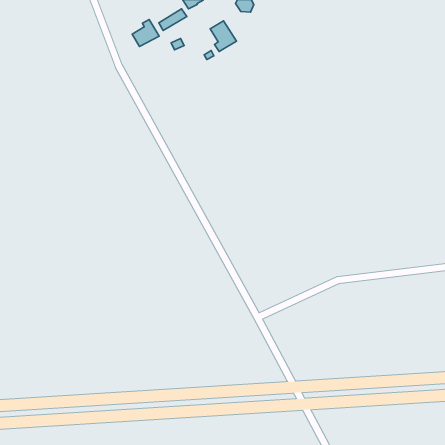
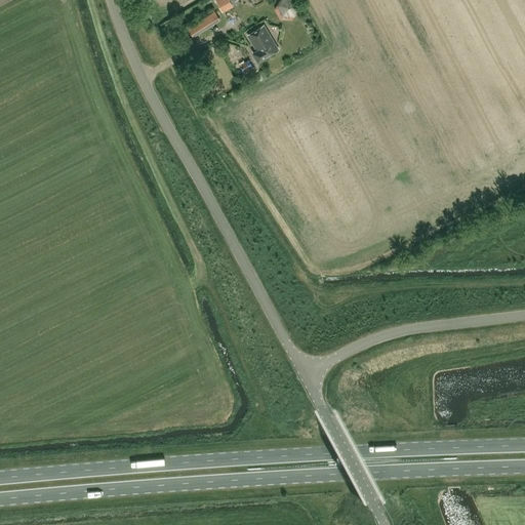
building: [132,19,159,47] -> none

